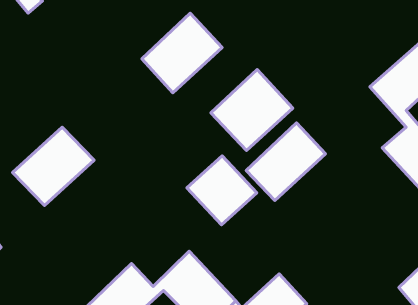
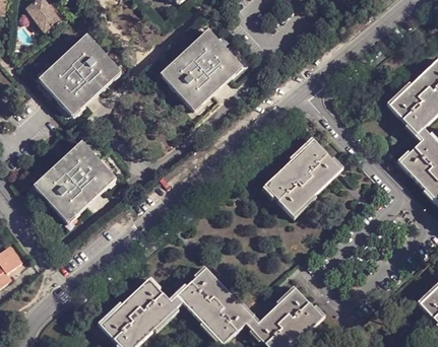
building: none -> [39,34,118,113]
building: [211,69,293,151] -> none
building: [187,156,257,225] -> none

